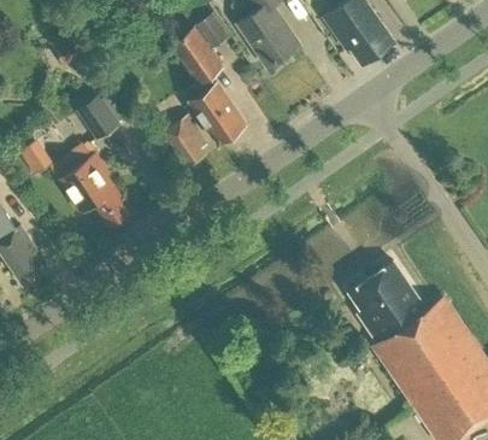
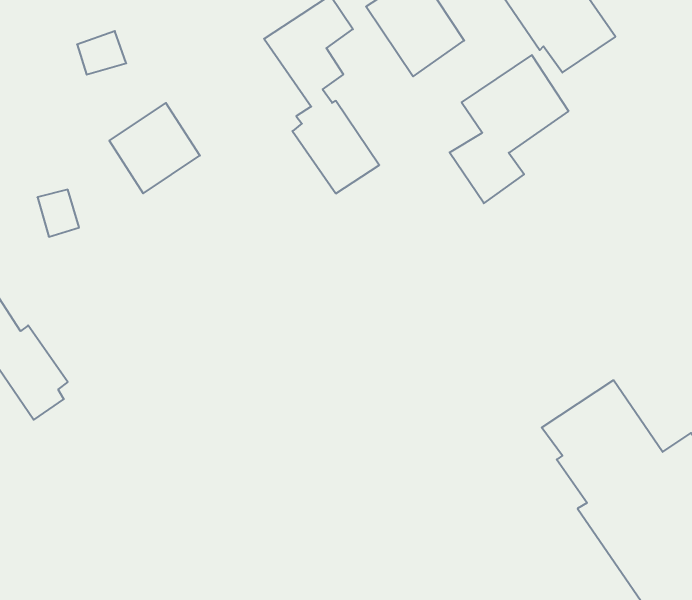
building: none -> [450,55,568,203]
building: [163,116,207,166] -> none
building: [58,153,129,227] -> none

